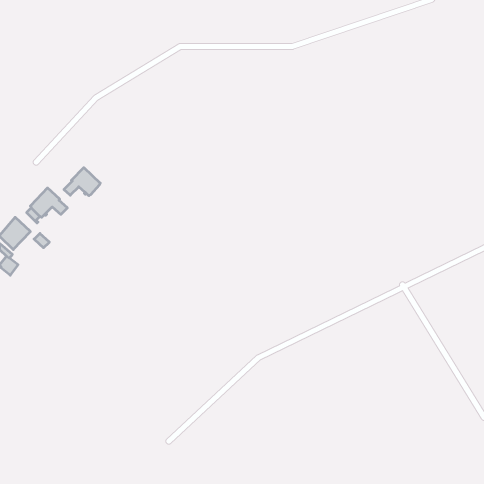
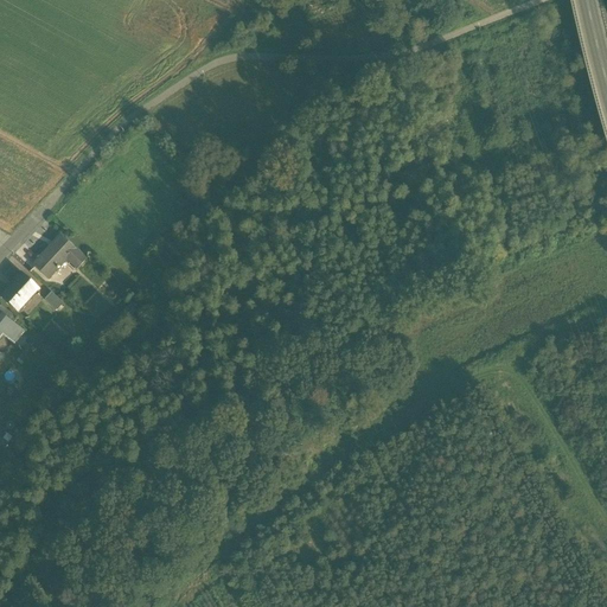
building: [64,168,100,196] -> none

